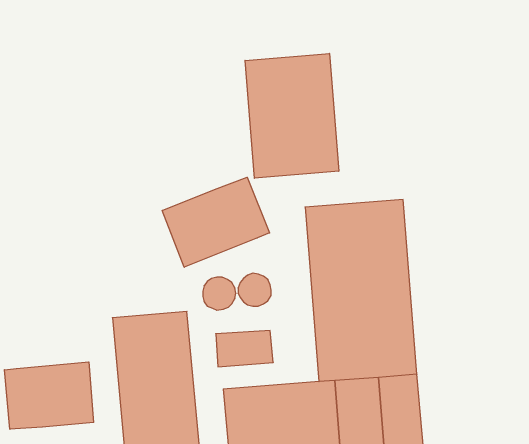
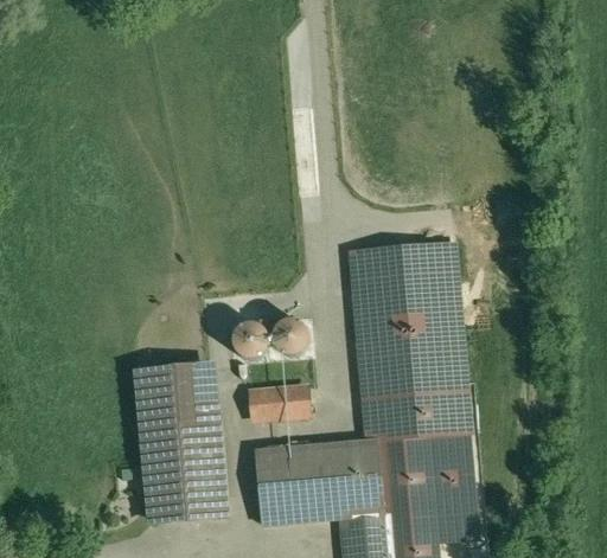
building: [245,53,339,178] -> none
building: [162,177,270,267] -> none
building: [4,362,94,429] -> none

